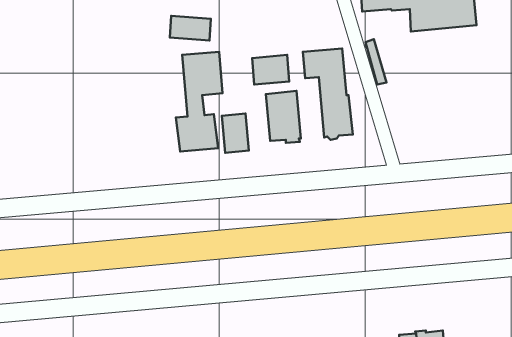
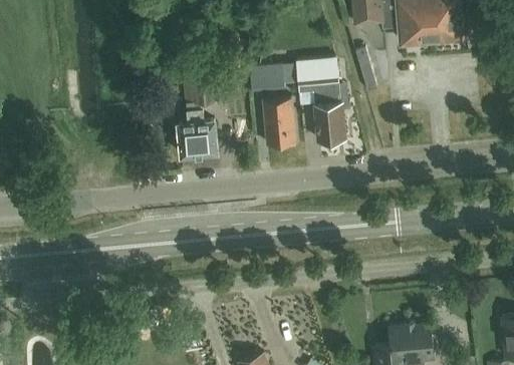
building: [170,16,211,40] -> none
building: [222,113,249,153] -> none

